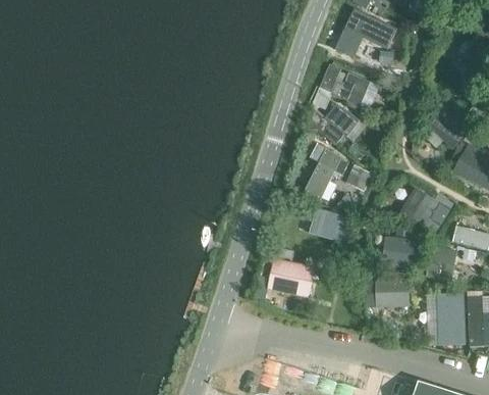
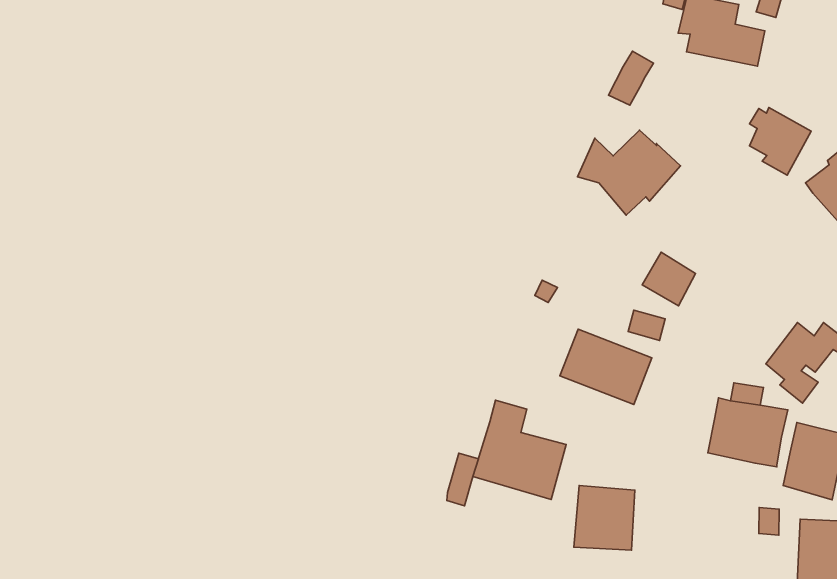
building: [338,72,370,106] -> [749,107,811,175]
building: [303,142,348,201] -> none
building: [378,273,408,304] -> [574,485,635,550]

